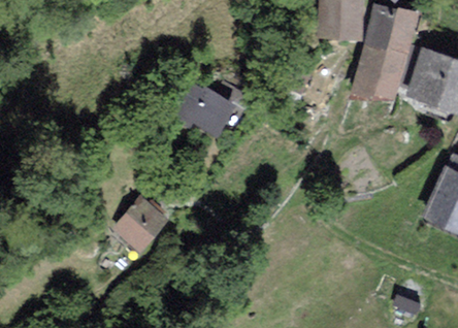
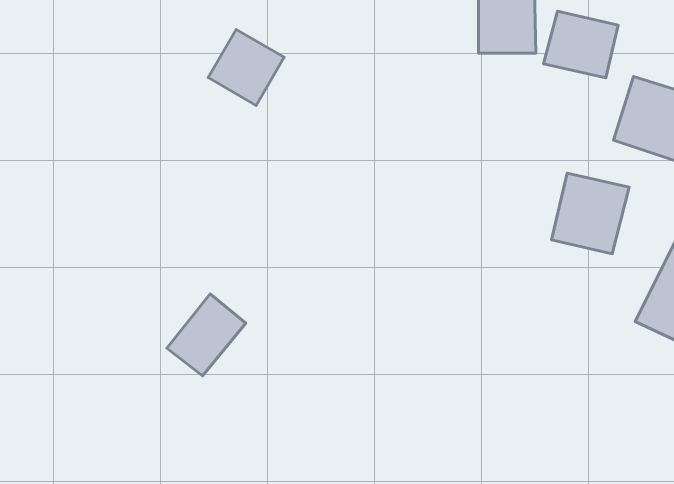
building: [355,44,406,98] -> [552,173,629,254]
building: [181,84,231,134] -> [208,29,284,105]

